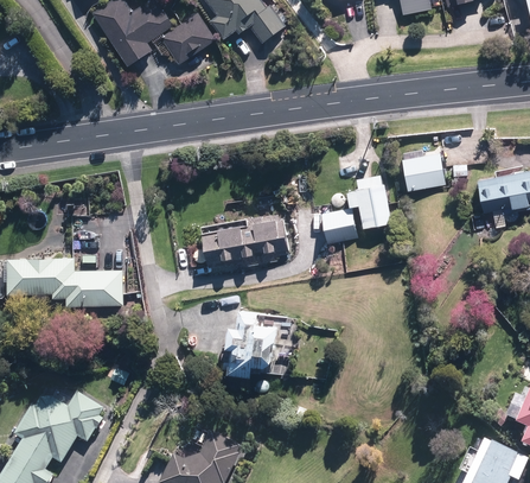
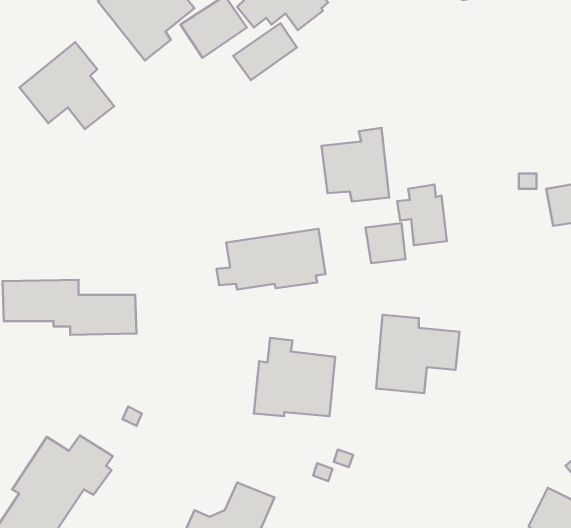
building: none -> [233,23,297,80]
building: none -> [19,42,114,129]
building: none -> [321,128,389,202]
building: [401,147,446,192] -> none
building: none -> [376,315,460,393]

